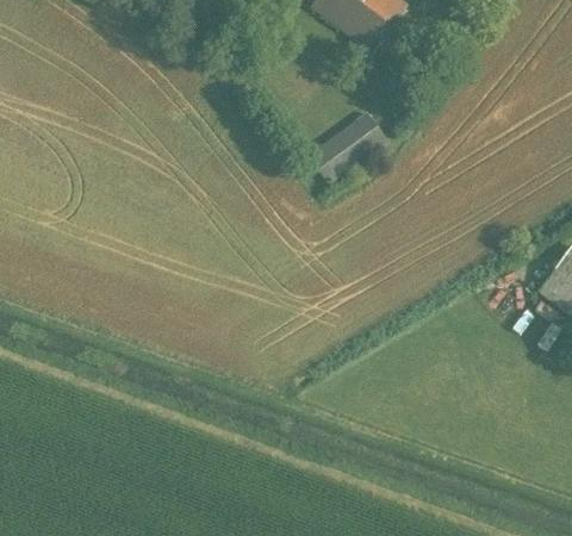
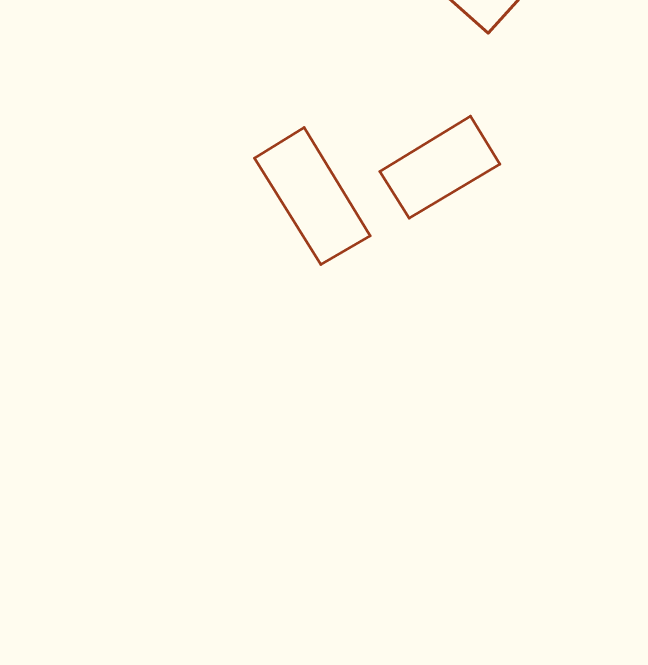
building: none -> [254,128,370,265]

